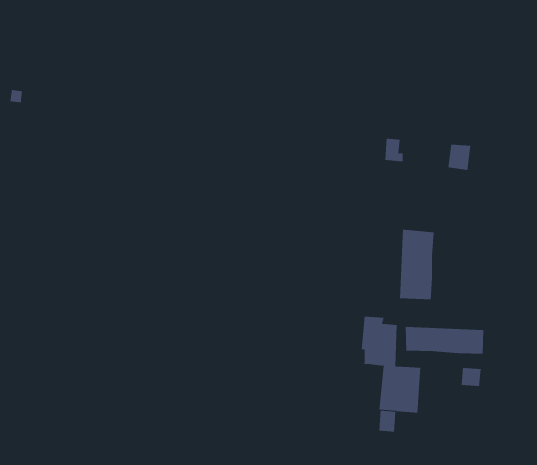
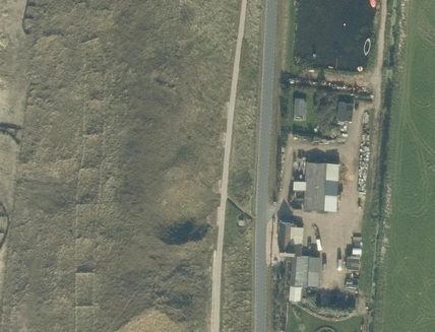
building: [405,326,484,354] -> none

